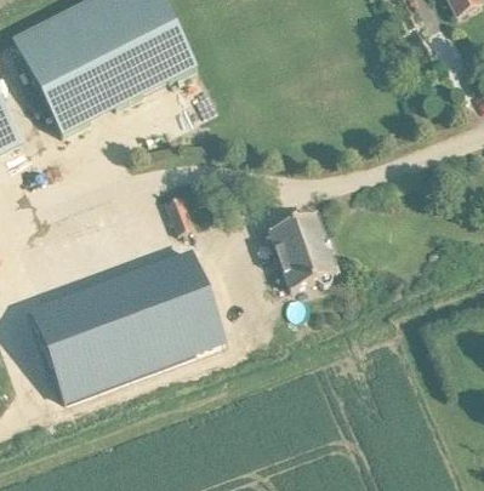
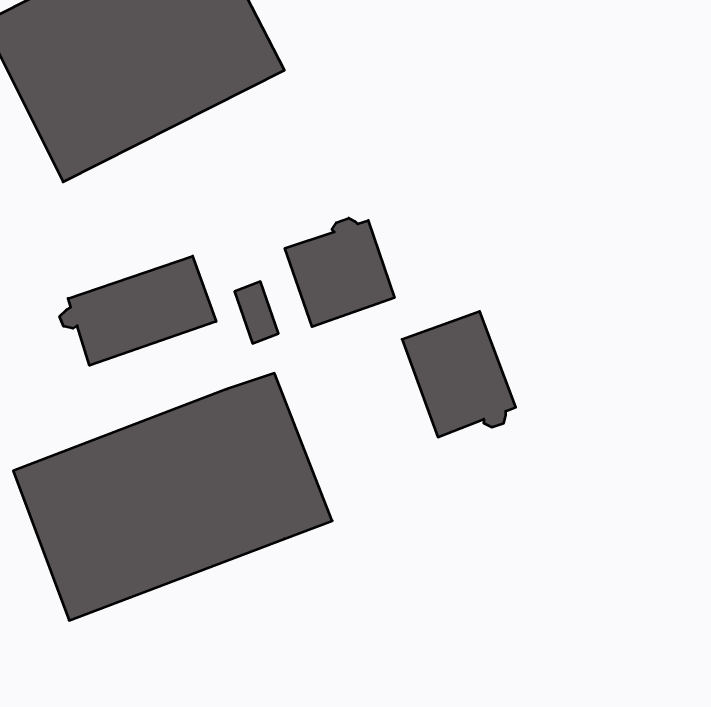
building: none -> [285,218,394,327]
building: none -> [60,256,216,365]

